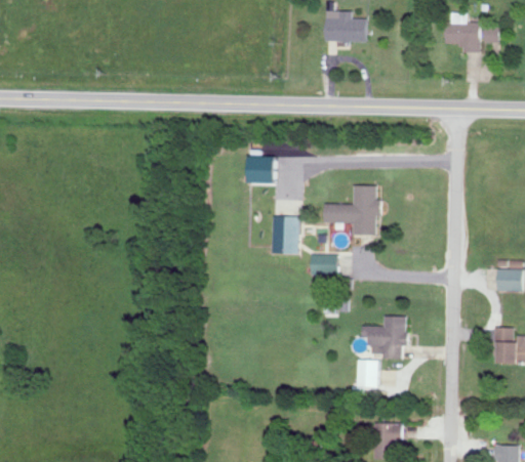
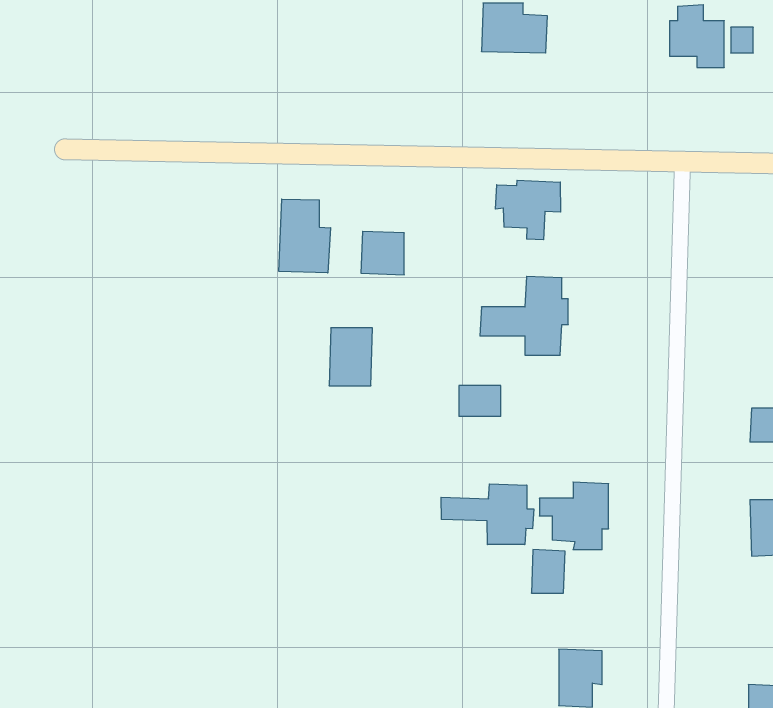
building: none -> [496,180,560,240]
building: none -> [279,199,331,273]
building: [271,217,298,254] -> [329,328,372,386]
building: none -> [441,484,534,545]

